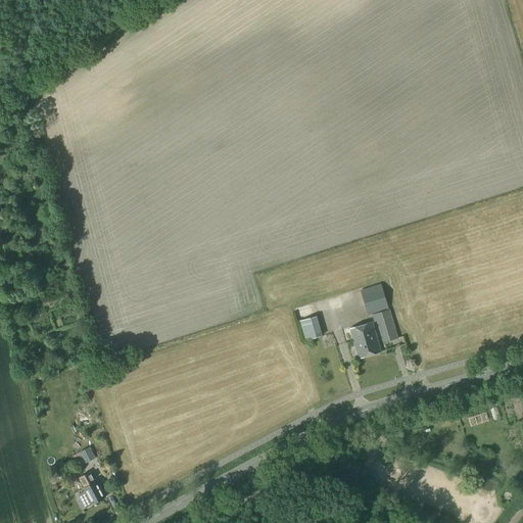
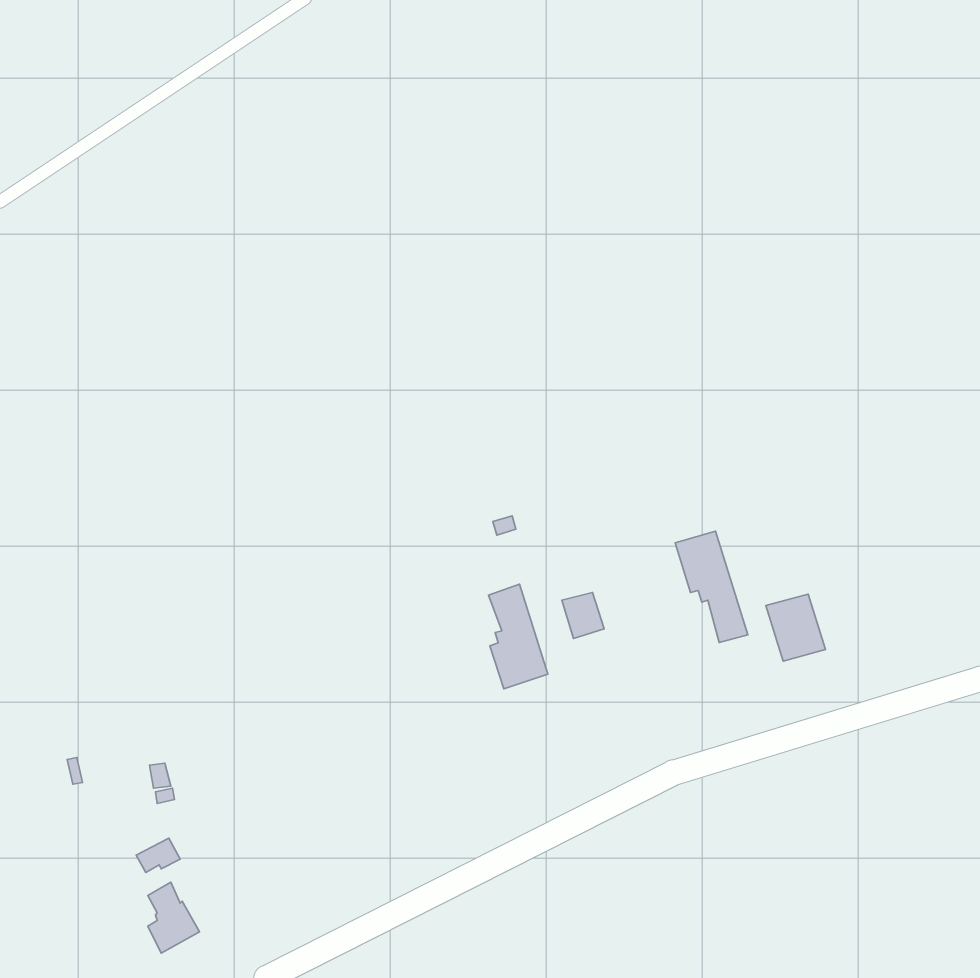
building: none -> [489,584,548,689]
building: [348,322,380,358] -> [766,594,825,661]

